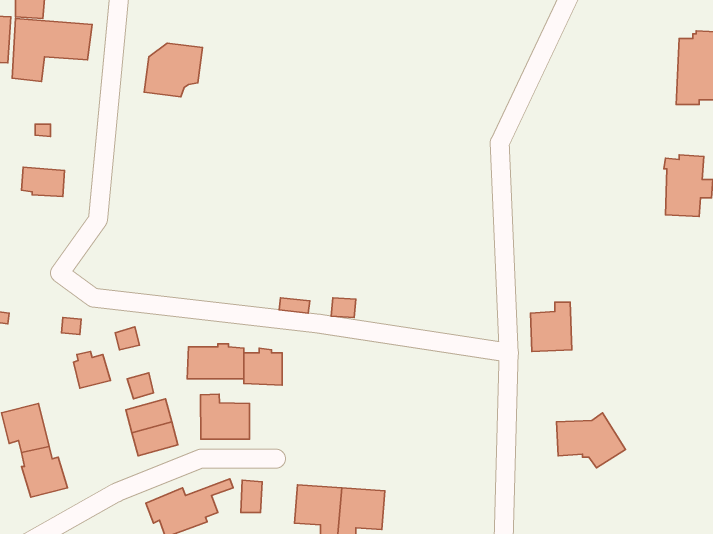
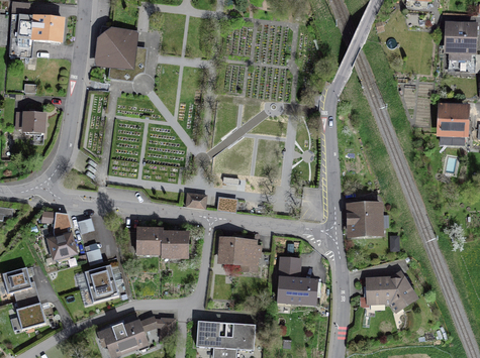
building: none -> [221,239,260,263]
building: none -> [279,257,320,303]
building: [200,394,250,439] -> none

